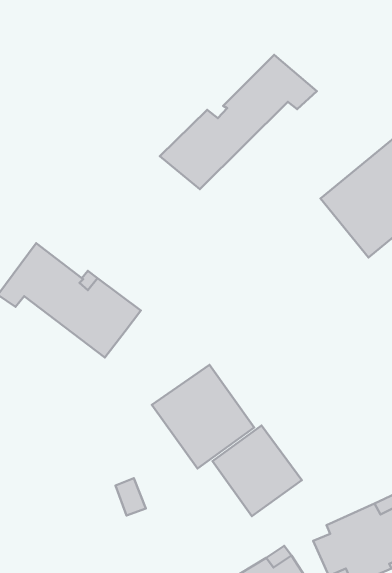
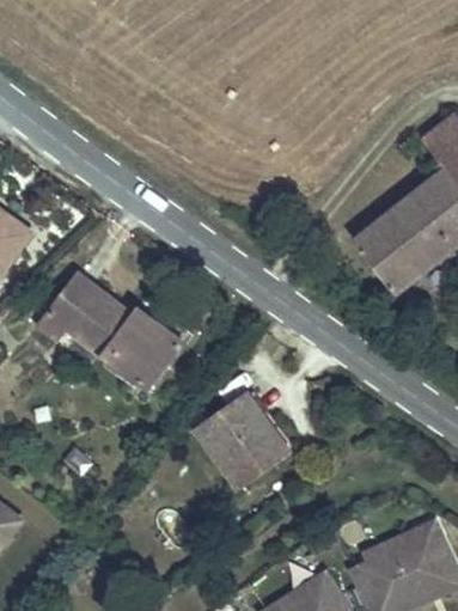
building: [160,55,317,189] -> none
building: [213,426,302,516] -> none

